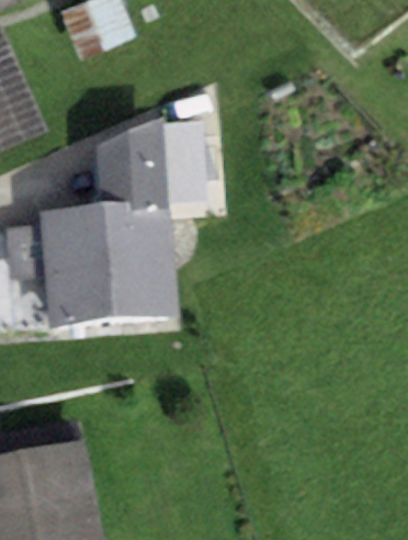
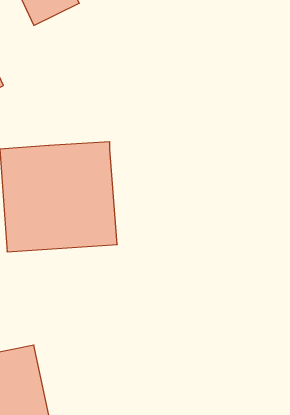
building: [97,111,203,206] -> none

